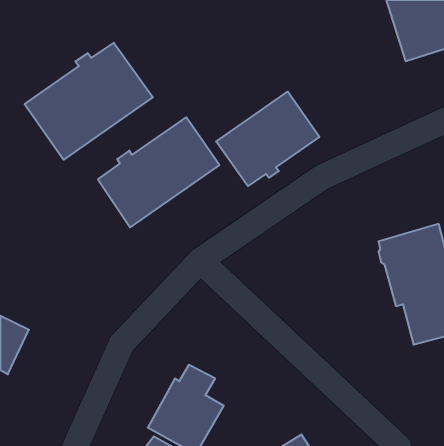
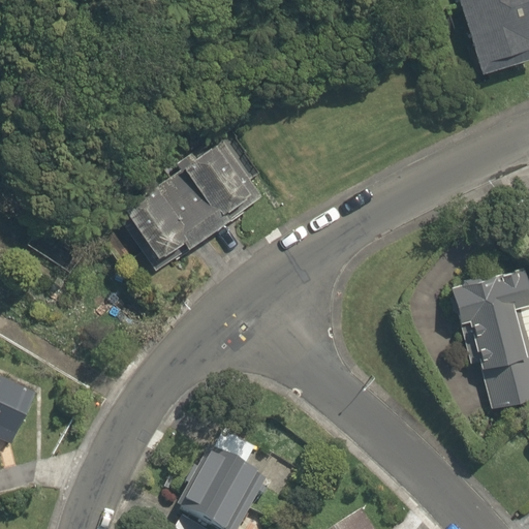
building: [25,43,153,160] -> none
building: [216,92,319,186] -> none

